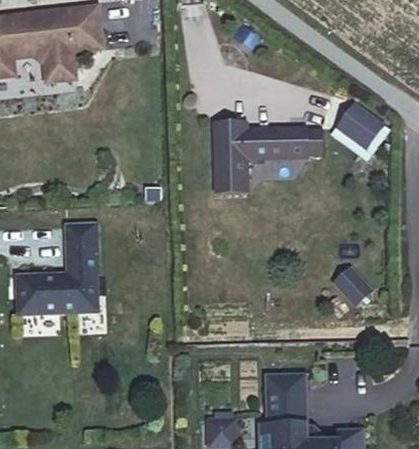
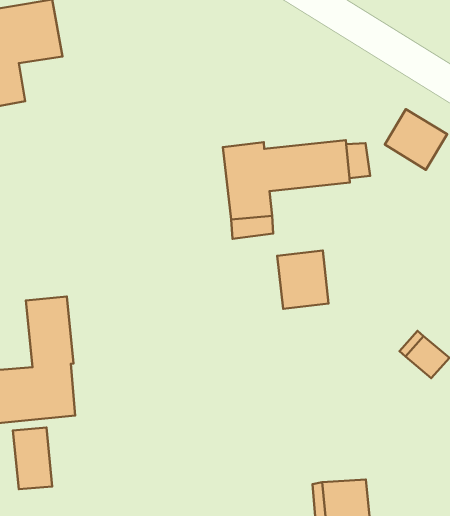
building: none -> [277,251,329,309]
building: none -> [13,428,52,489]

